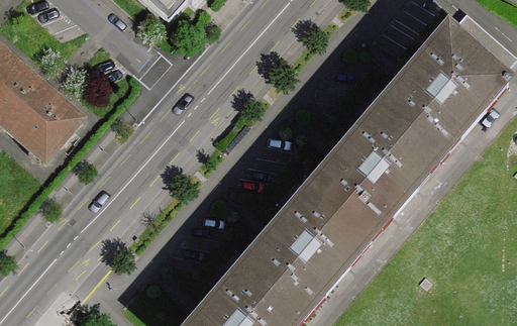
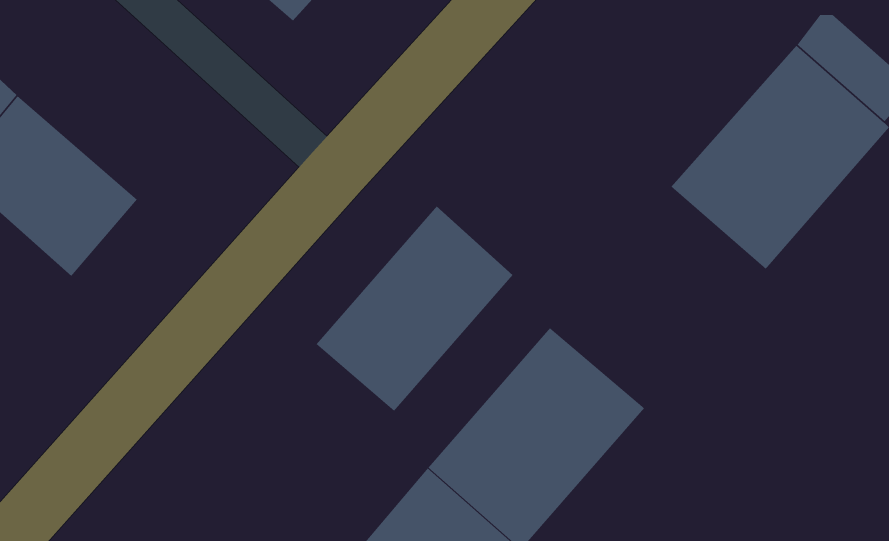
building: [311,111,432,235] -> none
building: none -> [316,206,514,412]

